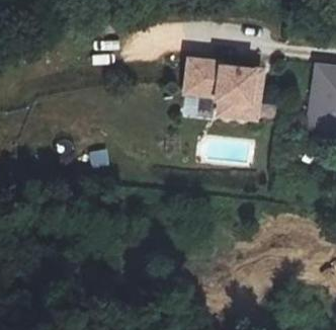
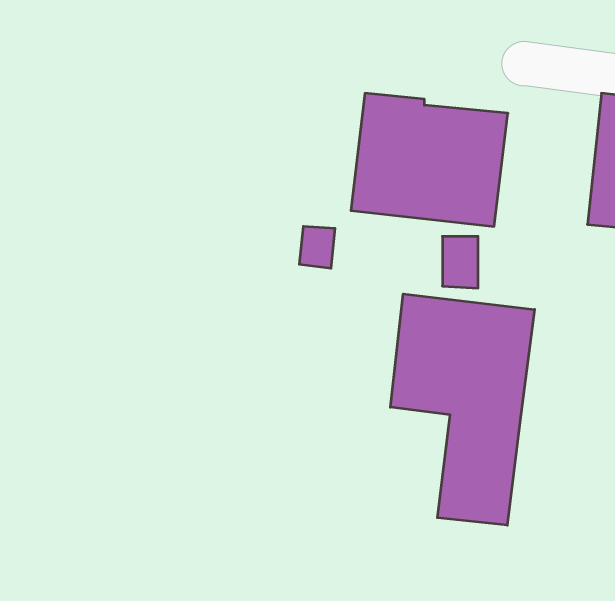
building: none -> [390,294,535,525]

